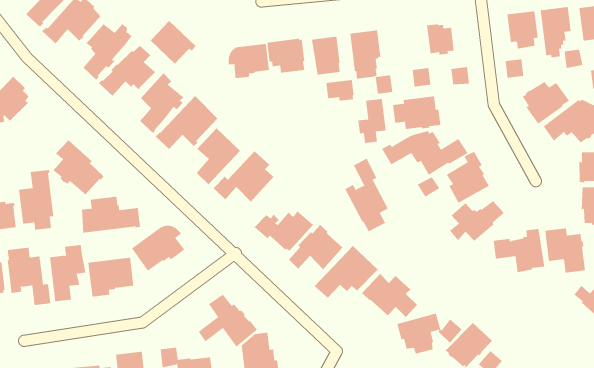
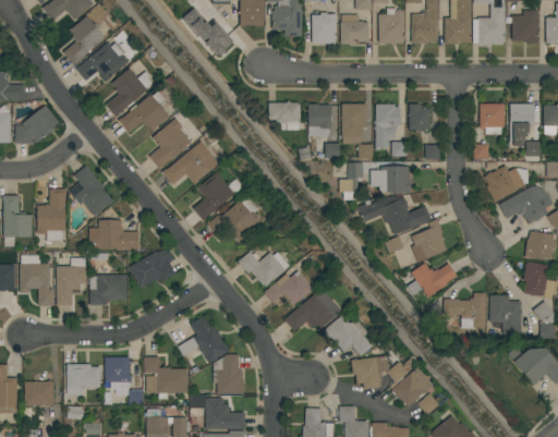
building: [150,20,197,65] -> none
building: none -> [375,104,400,148]
building: [228,43,270,79] -> none
building: [344,158,388,232] -> none

